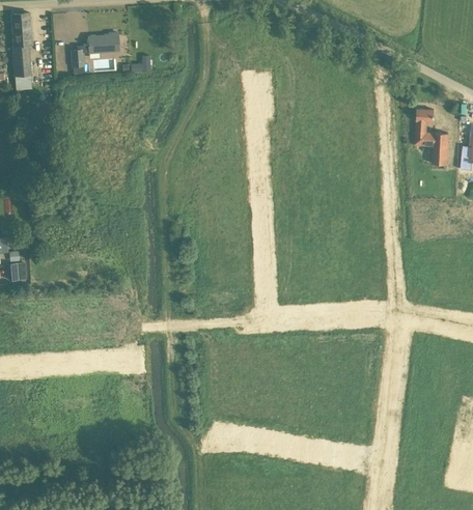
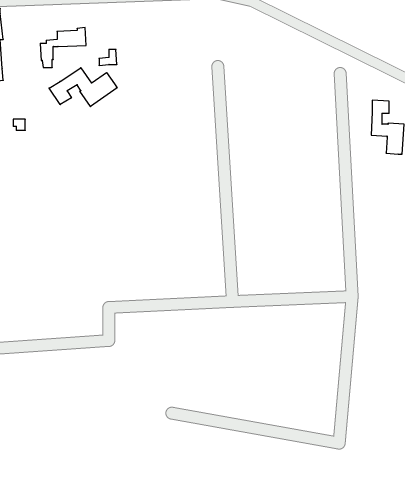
building: none -> [49,68,117,107]

